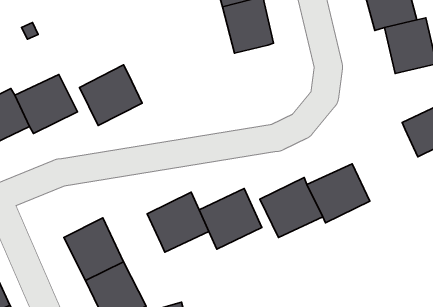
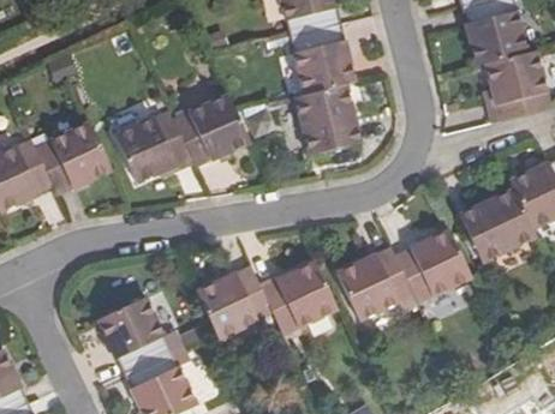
building: none -> [298,85,359,155]
building: none -> [175,95,251,167]
building: none -> [459,188,536,263]

